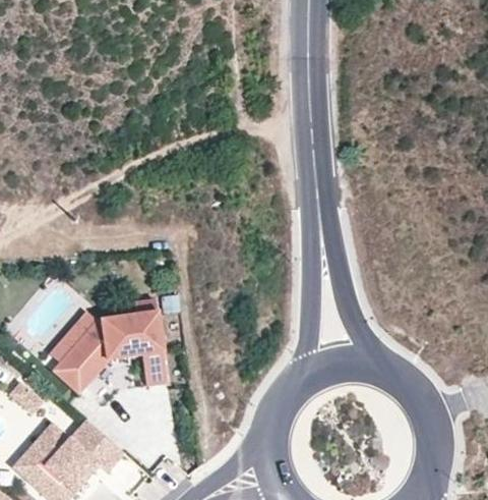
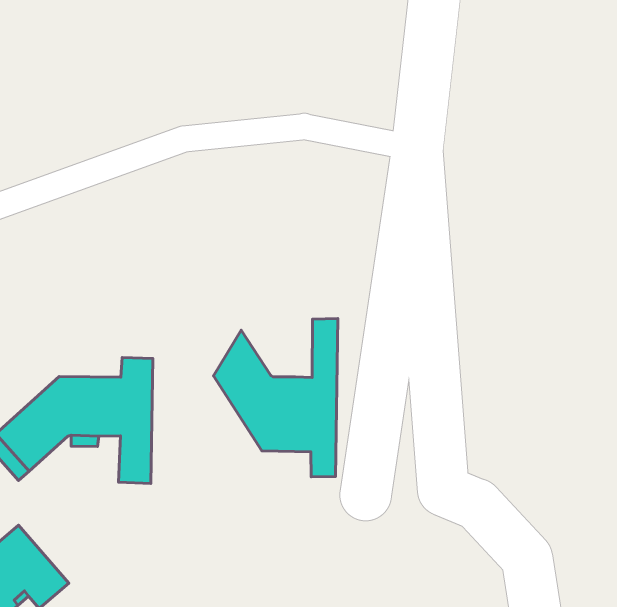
building: none -> [214,319,338,477]

